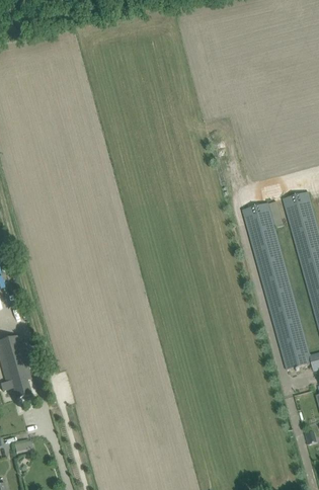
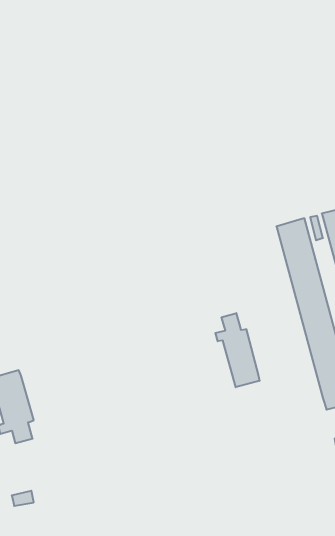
building: none -> [215,313,259,387]

